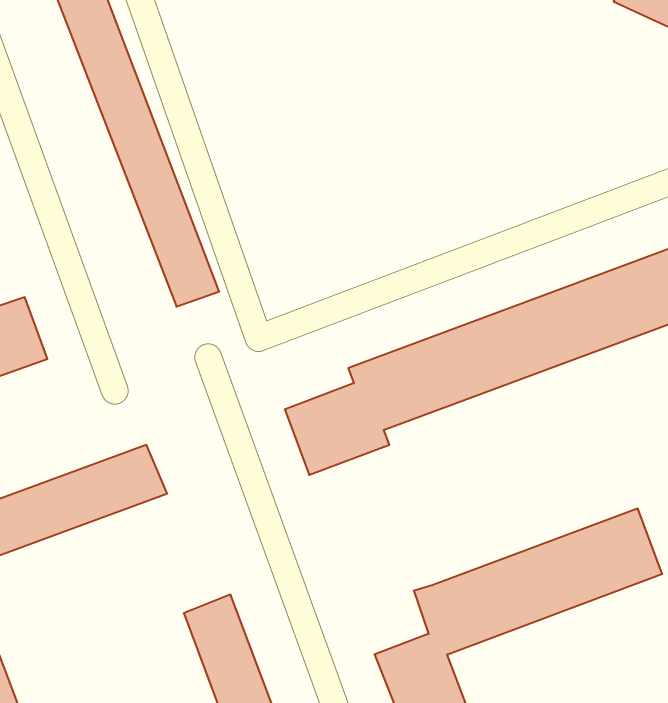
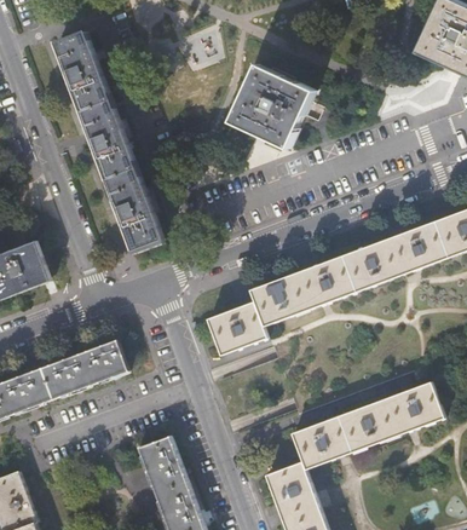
building: none -> [229,67,312,150]

